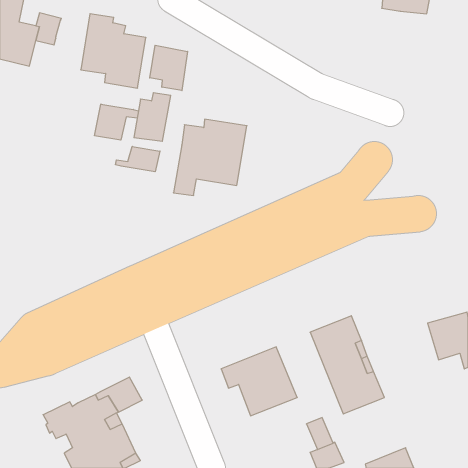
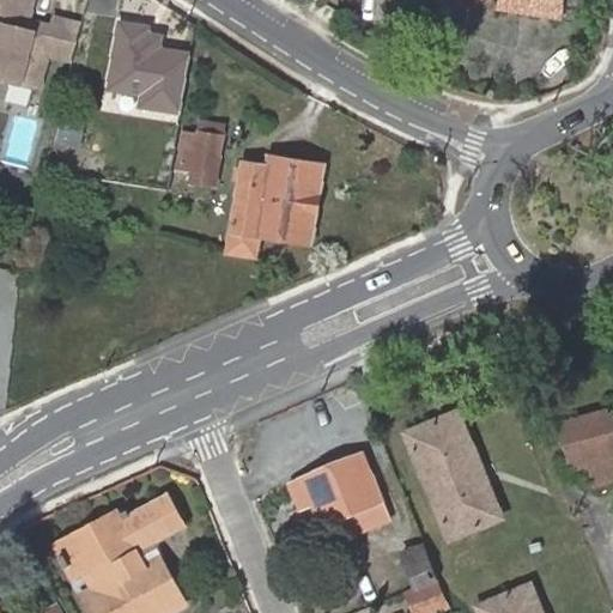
building: [150,45,188,91] -> none
building: [95,104,138,140] -> none
building: [116,146,160,172] -> none

